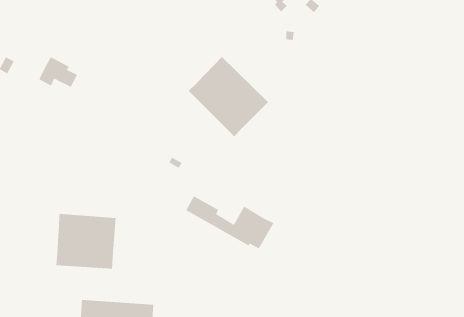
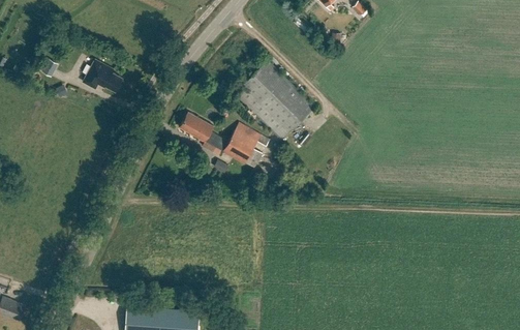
building: [185,195,274,250] -> [180,113,270,168]
building: [56,213,117,269] -> none

